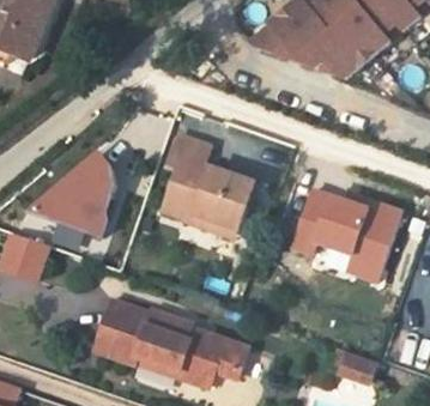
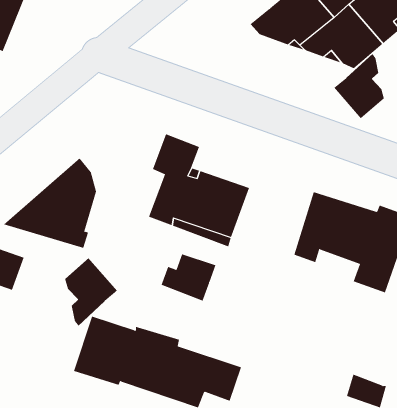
building: none -> [334,53,384,119]
building: none -> [161,253,216,301]
building: none -> [65,258,118,327]

